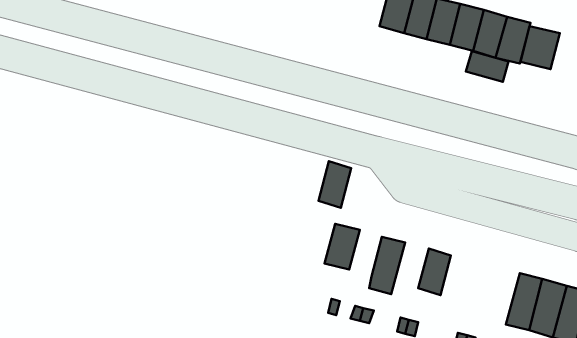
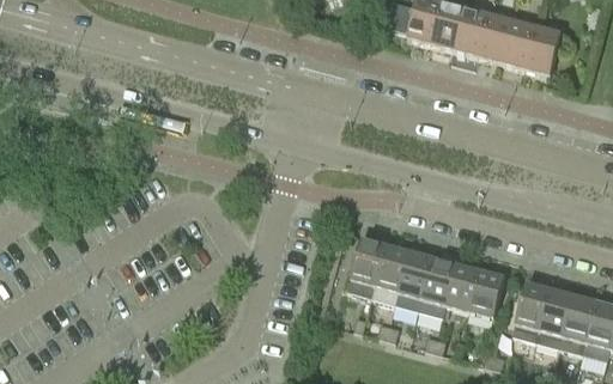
building: [520,26,560,69] -> none
building: [466,51,509,82] -> none
building: [318,161,351,208] -> [375,245,408,293]
building: none -> [418,258,456,317]
building: none -> [468,272,504,318]
building: none -> [511,284,550,342]

